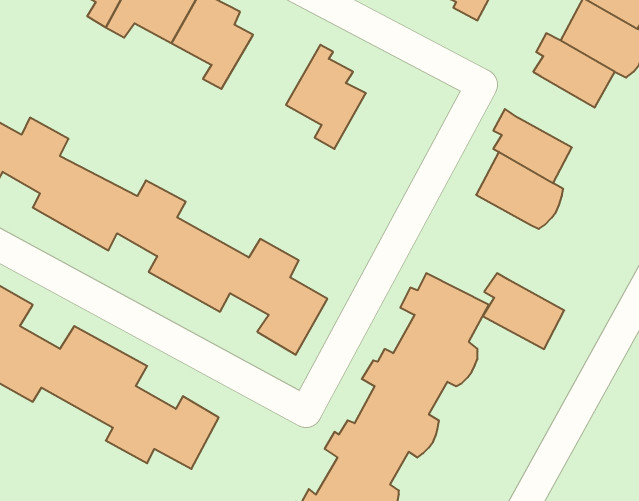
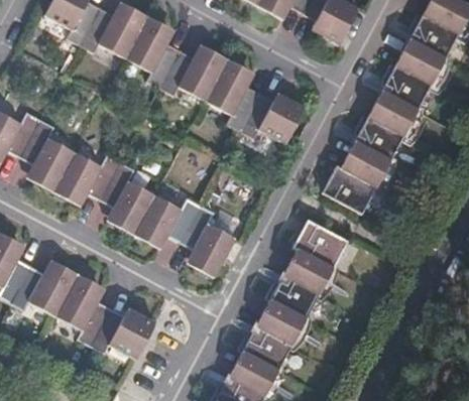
building: none -> [159,50,229,103]
building: none -> [368,83,430,137]
building: none -> [239,95,306,145]
building: [483,273,564,349] -> [320,161,377,215]

